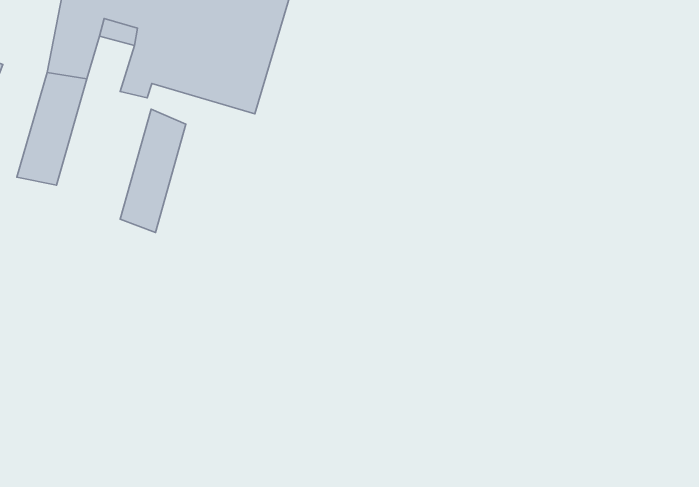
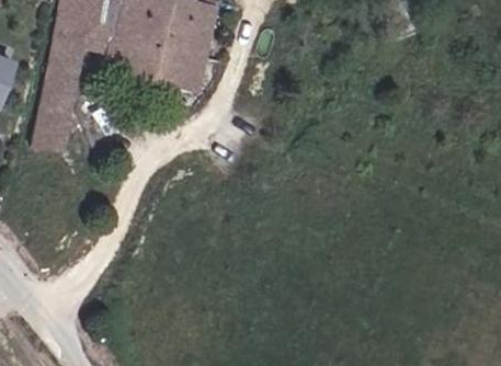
building: [120,109,186,232] -> none

